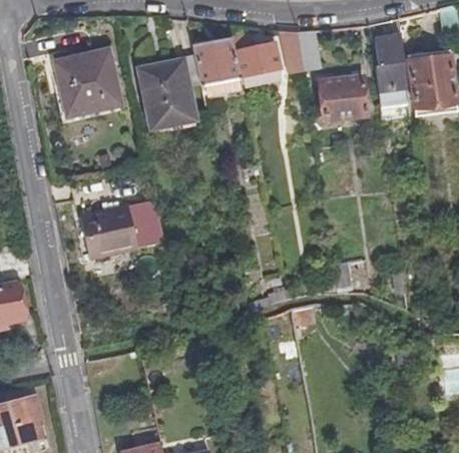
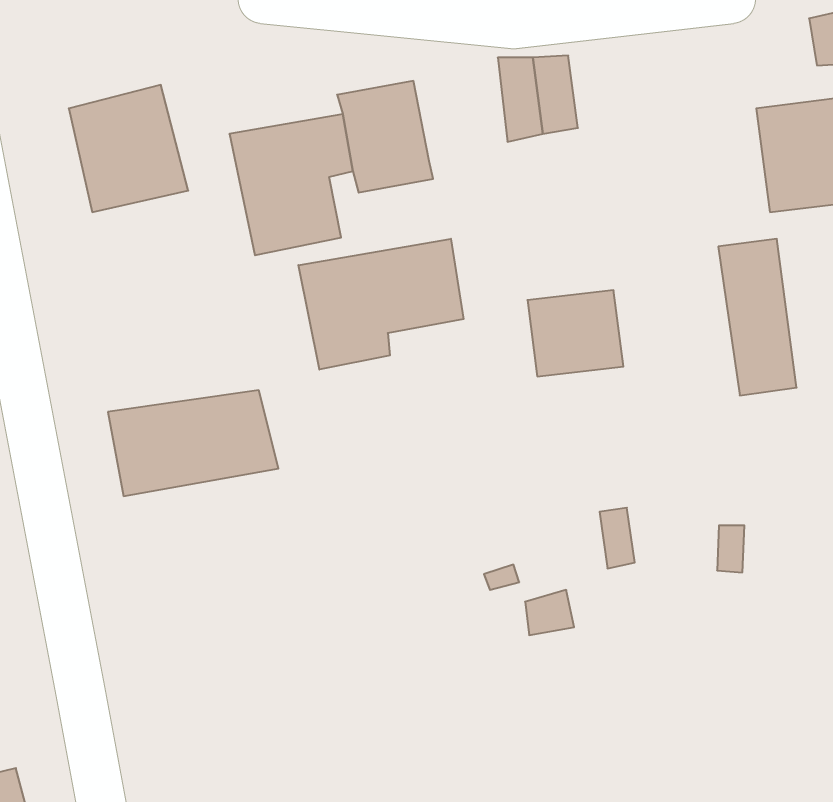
building: [371,35,411,115] -> [718,239,797,395]
building: [235,38,278,83] -> none
building: [317,76,366,120] -> [527,290,623,376]
building: none -> [298,239,464,370]

